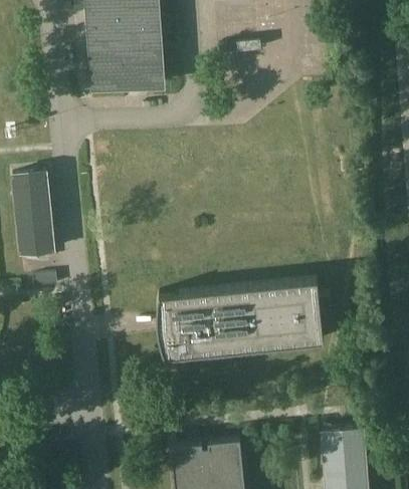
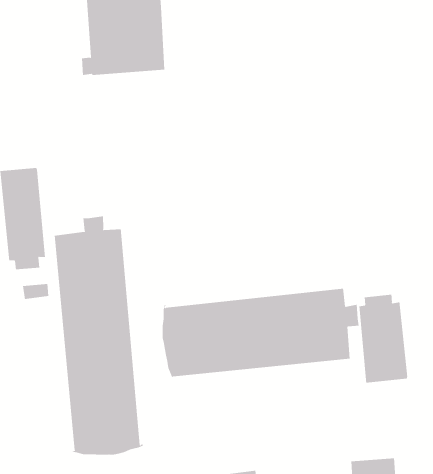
building: none -> [54,216,144,456]
building: none -> [359,294,408,384]

